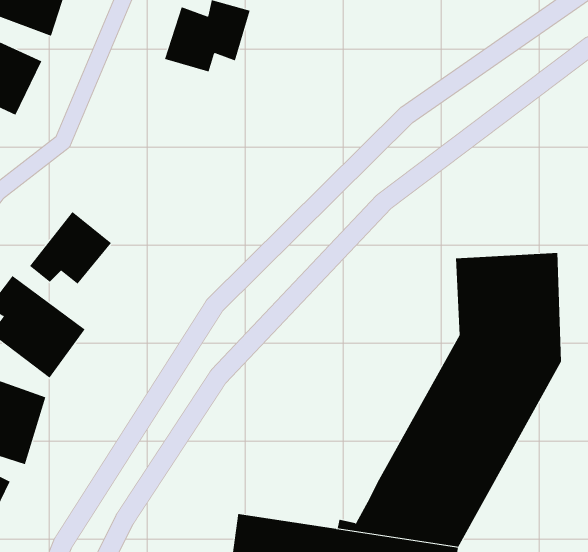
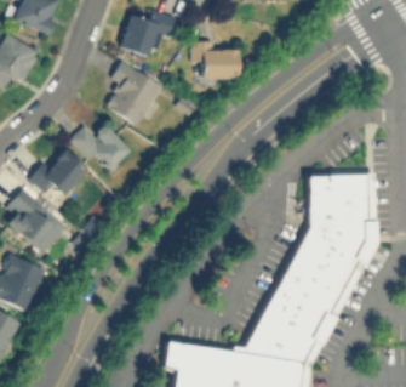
building: none -> [191,41,239,78]
building: none -> [108,59,162,124]
building: none -> [72,123,130,172]

